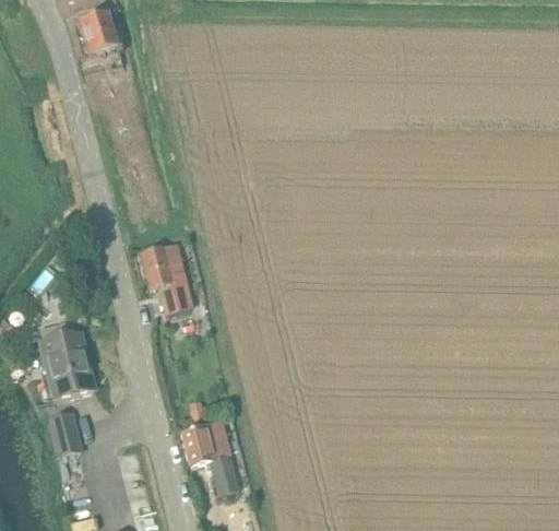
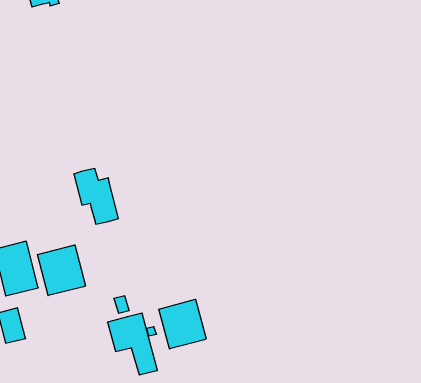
building: none -> [38,245,85,296]
building: none -> [159,299,206,349]

